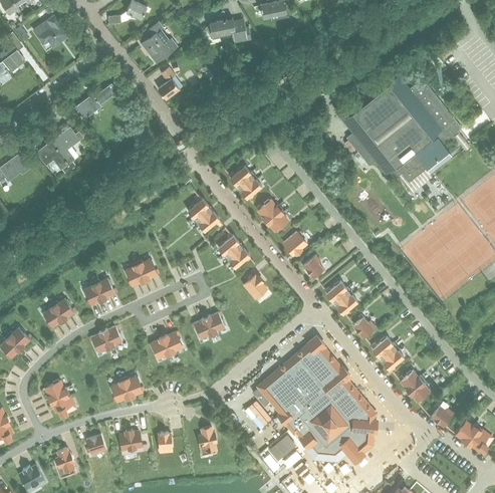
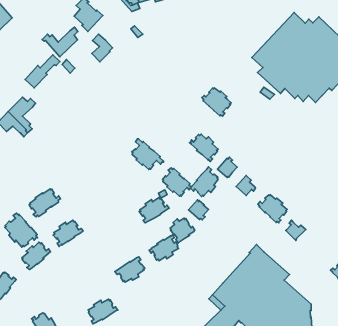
building: none -> [42,27,78,57]
building: [228,166,261,200] -> [202,88,231,116]
building: none -> [29,189,60,217]
building: none -> [190,167,218,197]
building: [125,259,160,286] -> [139,197,169,223]
building: none -> [5,213,38,247]
building: none -> [170,218,195,243]
building: [88,324,122,352] -> none
building: [370,336,404,372] -> none

